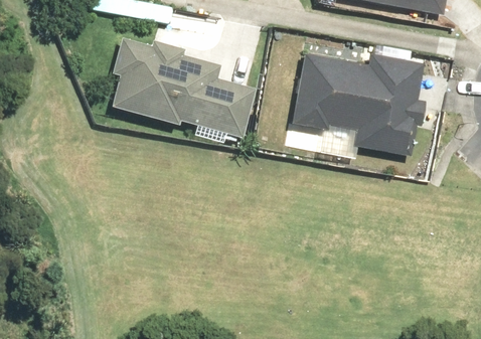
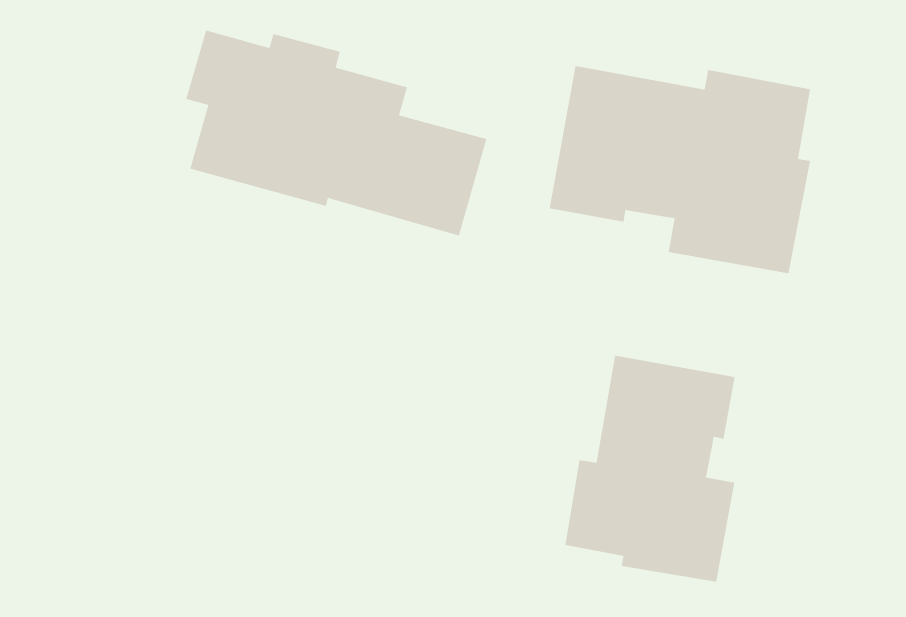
building: none -> [565,355,735,583]

